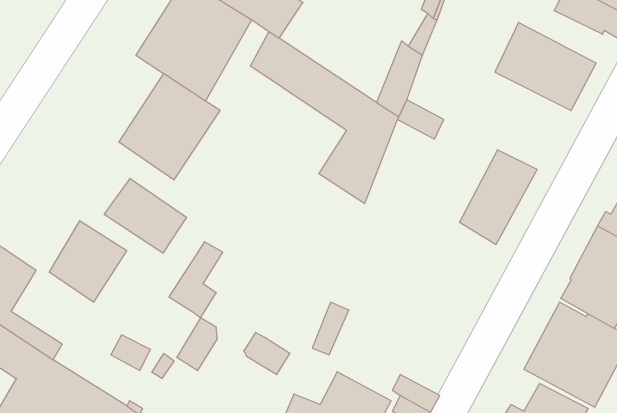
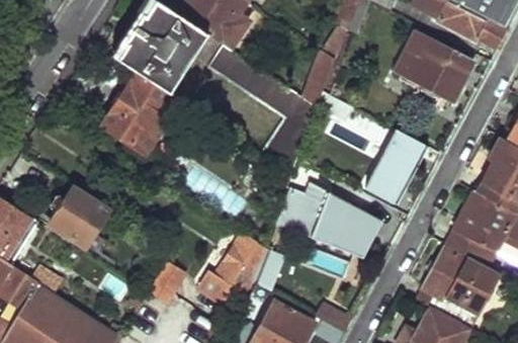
building: [104,178,186,253] -> none
building: none -> [273,181,380,257]
building: [169,242,223,318] -> [217,233,258,291]

